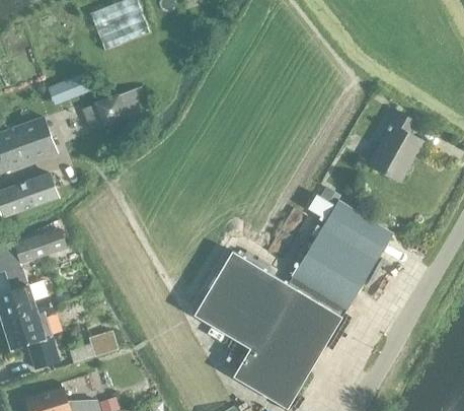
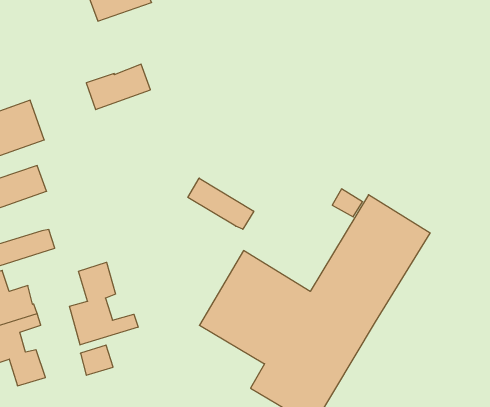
building: [47,71,92,105] -> none
building: [369,111,421,182] -> none
building: none -> [188,178,254,229]
building: none -> [70,262,138,345]

